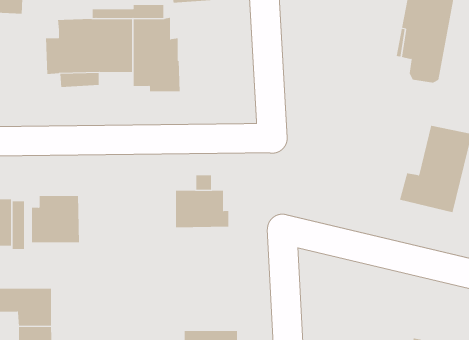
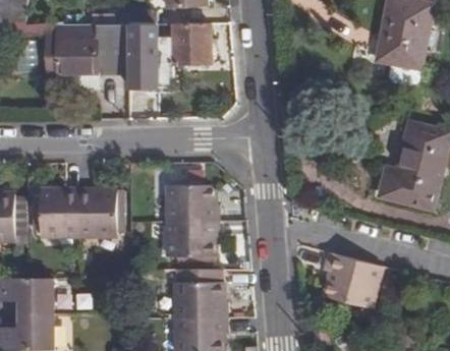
building: none -> [171,22,209,63]
building: none -> [77,190,116,235]
building: none -> [168,220,219,256]
building: none -> [322,251,380,307]
building: none -> [176,269,227,317]

